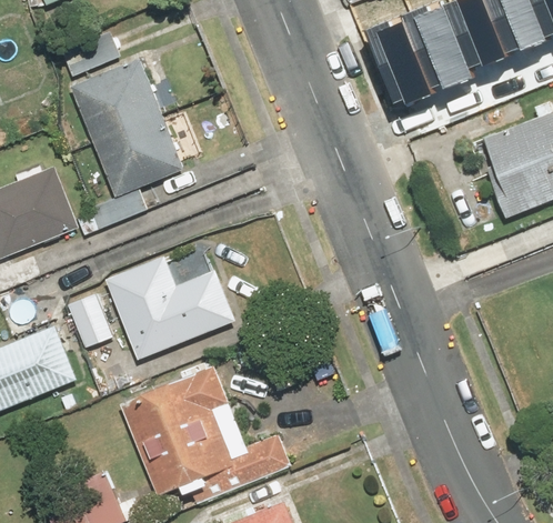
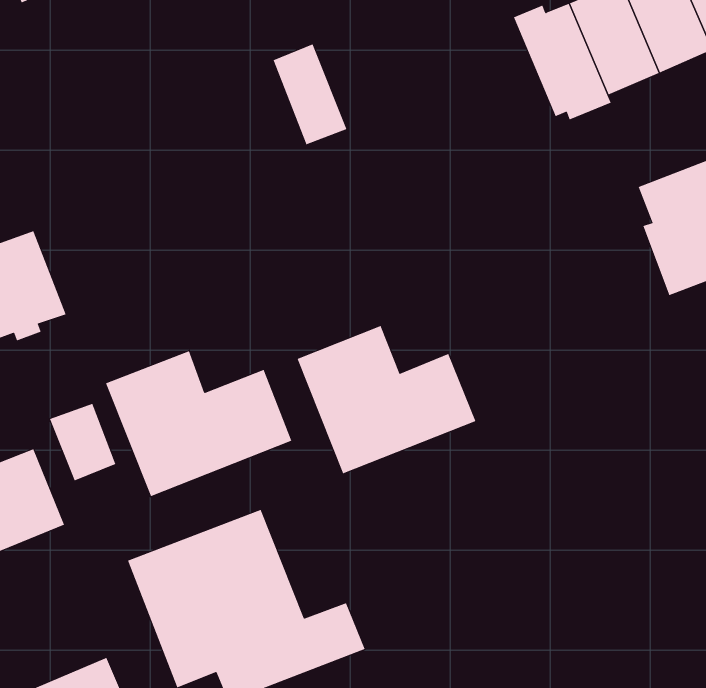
building: [356,21,428,105] -> none
building: none -> [273,43,347,145]
building: [69,53,187,231] -> none
building: none -> [297,325,476,474]

